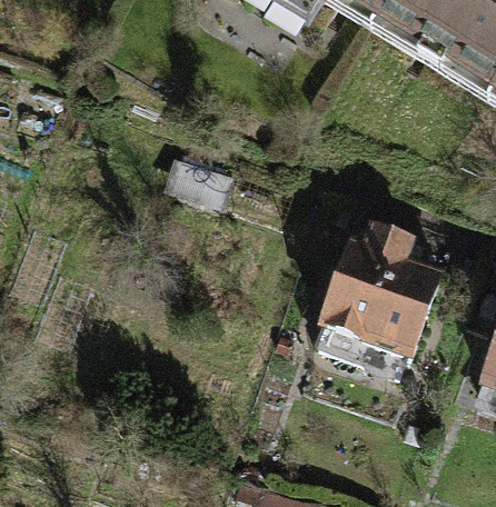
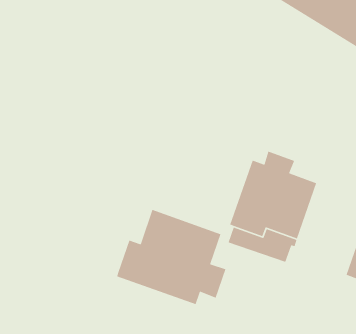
building: none -> [116,209,227,305]

